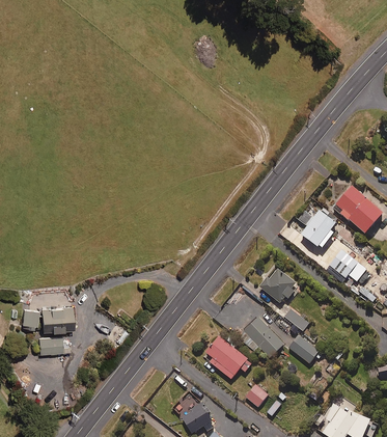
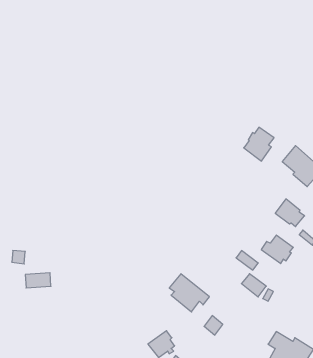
building: [302,210,337,249] -> [244,127,274,161]
building: [259,269,297,302] -> [261,235,293,264]
building: [40,305,74,331] -> none
building: [240,318,284,357] -> none

